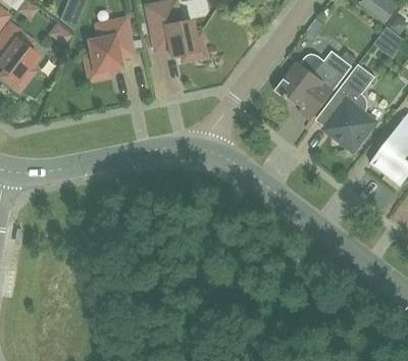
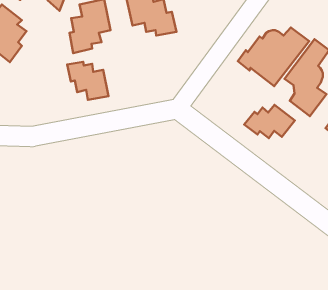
building: none -> [67,62,108,100]
building: none -> [244,105,295,138]

